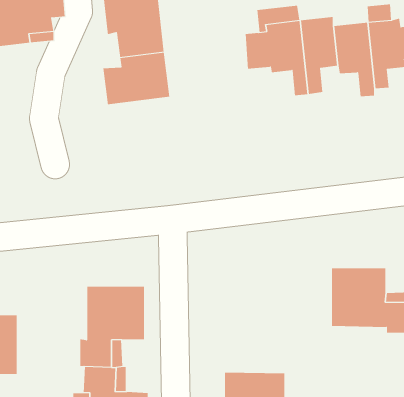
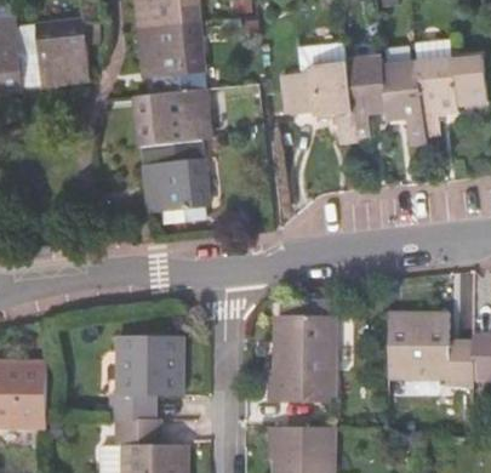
building: none -> [145,138,211,211]
building: none -> [264,318,329,405]

